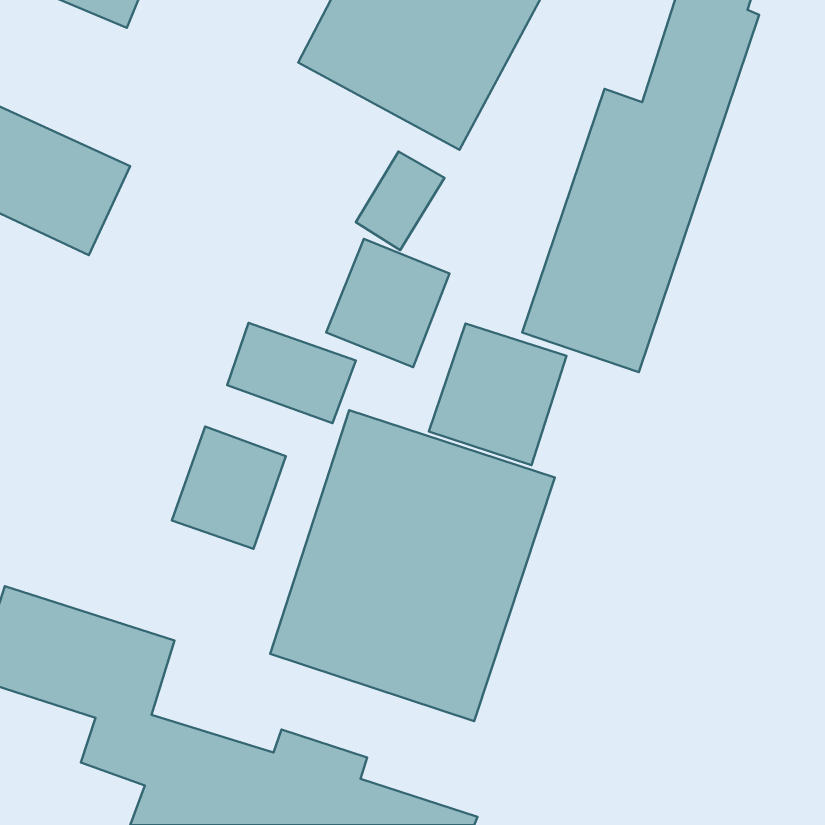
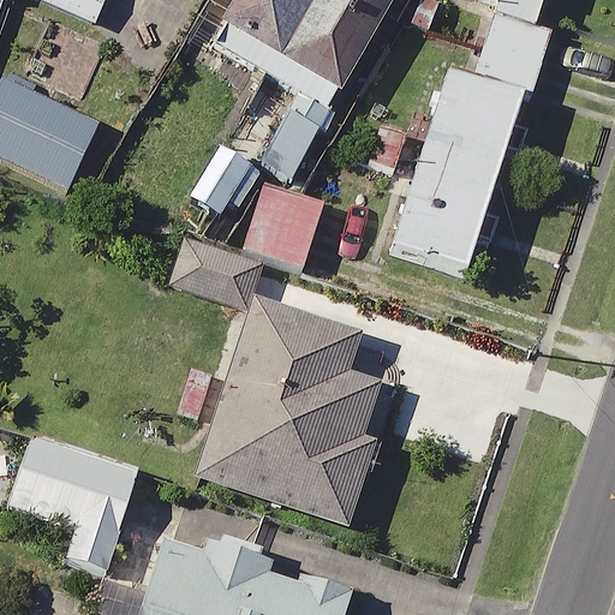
building: [429,323,566,465] -> none
building: [172,427,286,549] -> none

